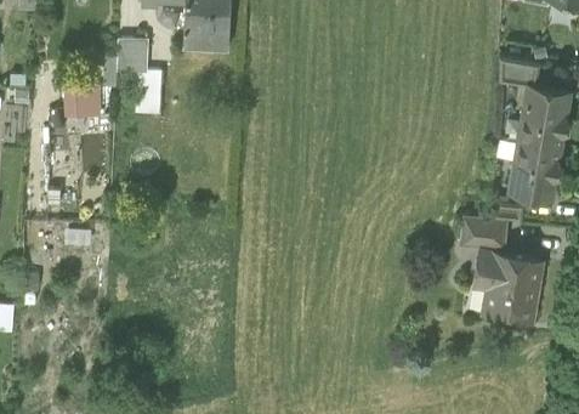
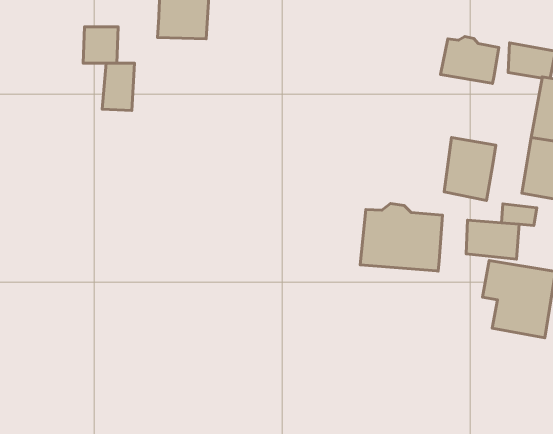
building: none -> [441,37,499,84]
building: [63,86,101,117] -> none
building: none -> [444,138,496,201]
building: none -> [360,204,442,271]

